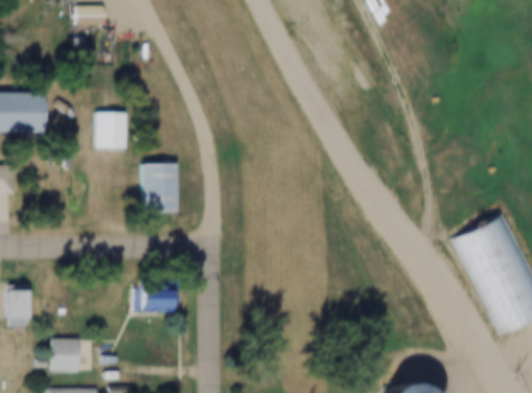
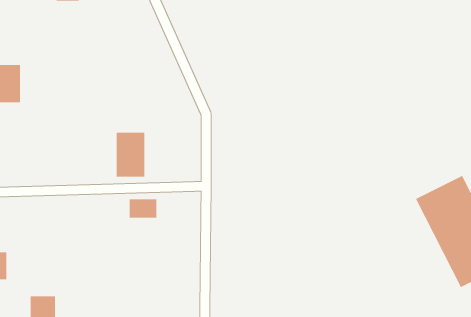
building: [96,114,123,151] -> none
building: [137,291,167,312] -> [129,199,157,218]

